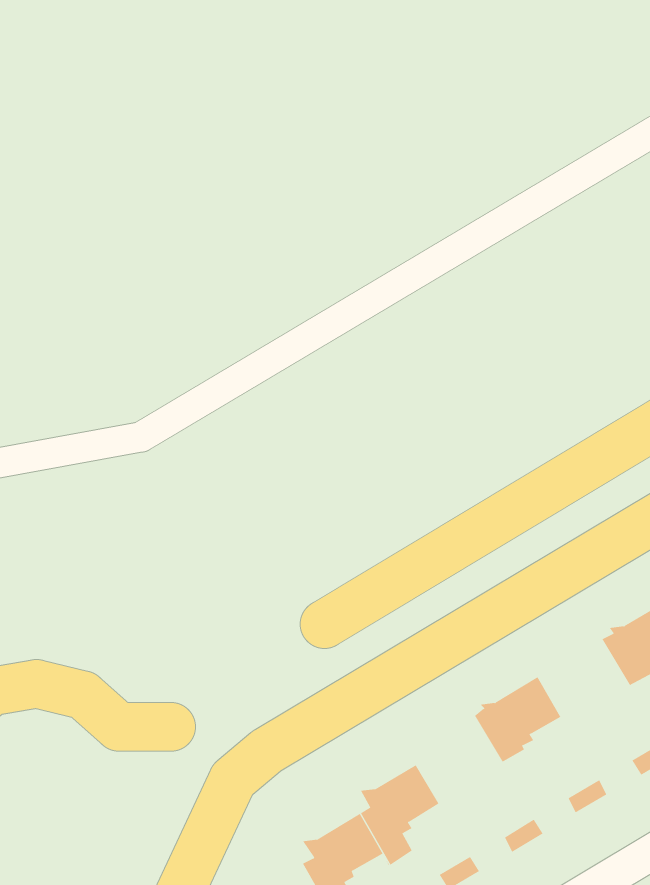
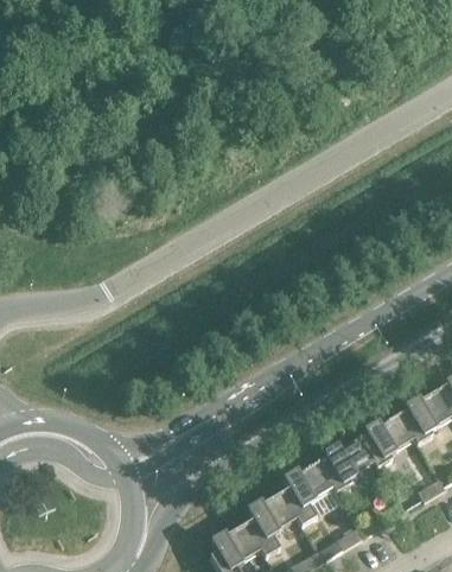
building: none -> [359,412,418,466]
building: none -> [282,460,337,523]

